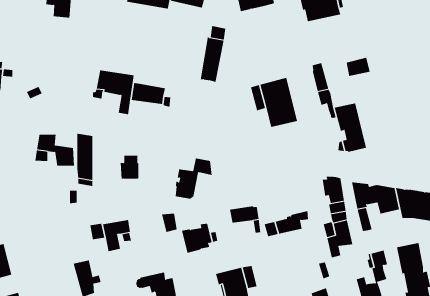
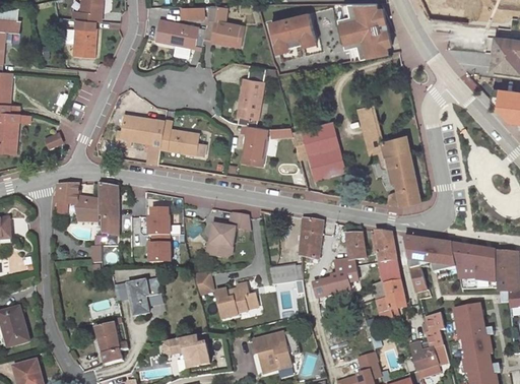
building: [346,57,371,76] -> [381,134,408,155]
building: none -> [241,126,264,166]
building: none -> [302,218,322,259]
building: none -> [334,233,366,275]
building: none -> [148,235,170,262]

